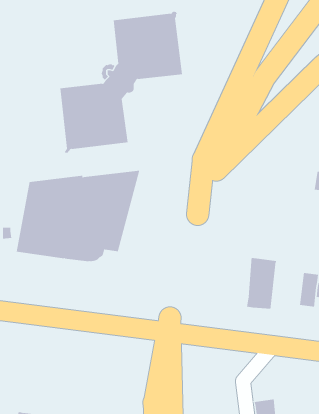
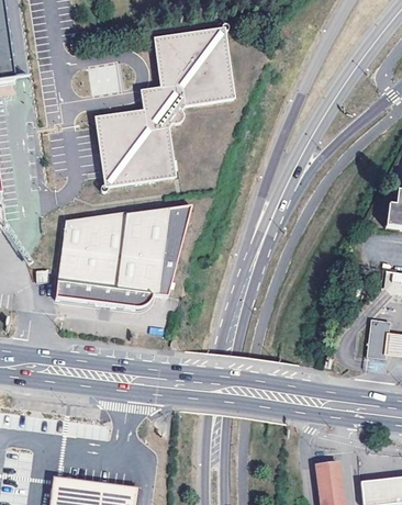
building: [246,257,277,310] -> none

